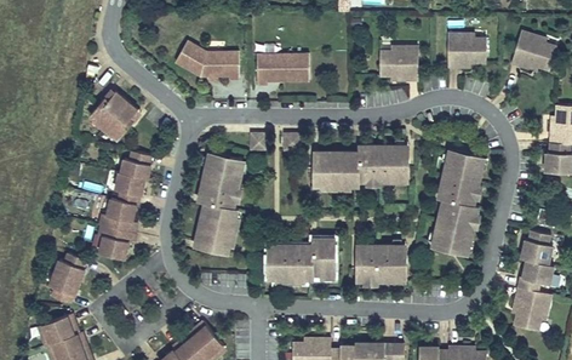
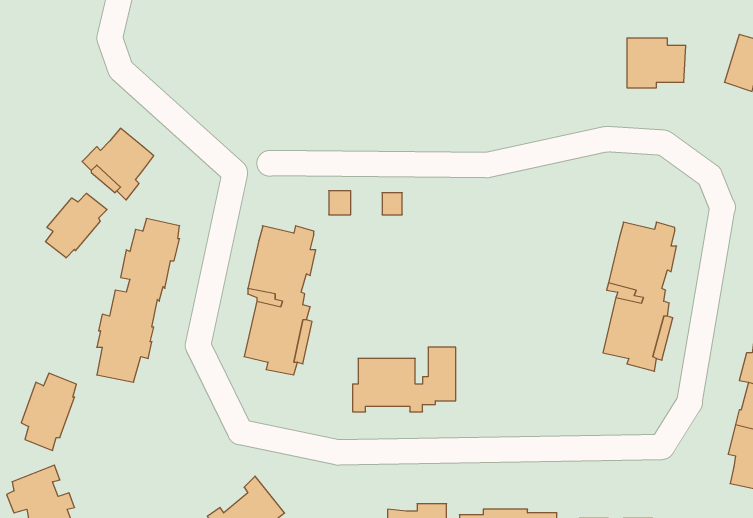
building: [175,40,239,79] -> none
building: [379,46,417,79] -> none
building: [257,53,309,84] -> none
building: none -> [45,193,107,258]
building: [313,144,408,187] -> none
building: [355,242,406,282] -> none

